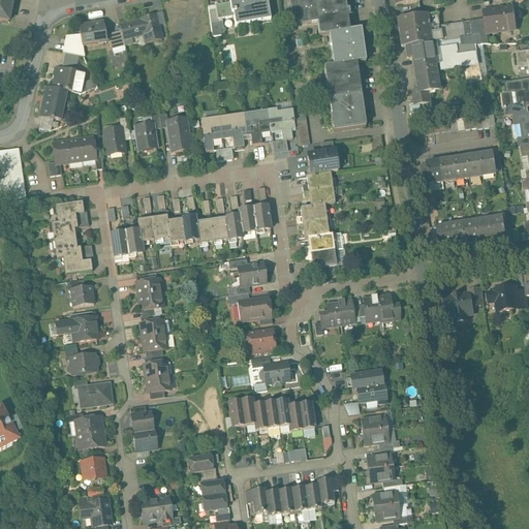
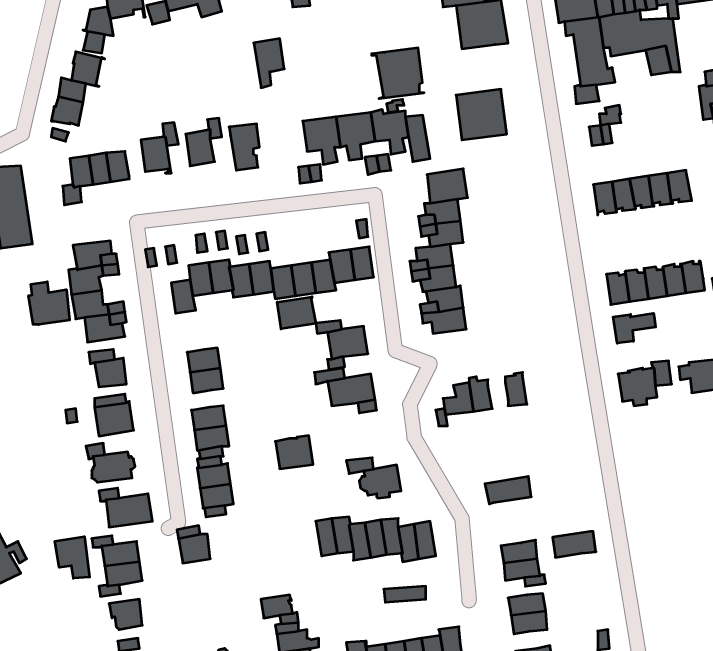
building: [324,60,362,96] -> [372,48,424,99]
building: [201,115,223,150] -> [254,39,284,88]
building: none -> [29,282,70,325]
building: [112,230,130,262] -> none
building: none -> [277,297,316,329]
building: none -> [613,313,656,343]
building: [377,294,400,319] -> none
building: [248,328,275,351] -> [275,436,313,469]
building: [356,383,387,402] -> [553,531,596,557]
building: none -> [55,537,90,578]
building: [134,428,158,449] -> none

